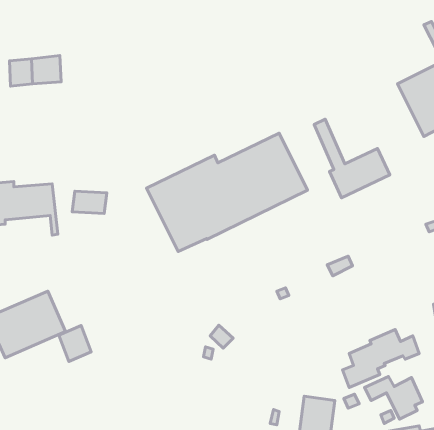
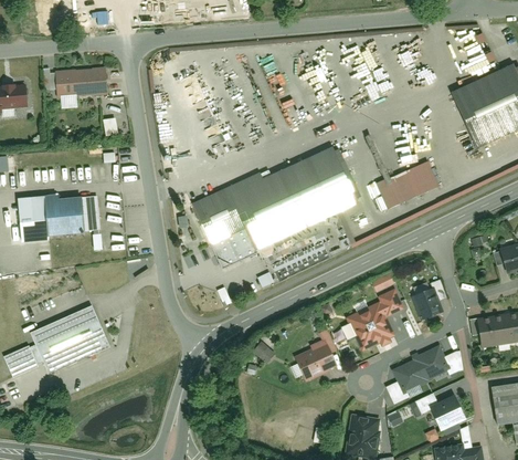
building: [72,191,107,214] -> none
building: none -> [414,276,450,317]
building: none -> [350,285,408,347]
building: none -> [290,326,339,377]
building: [59,326,91,361] -> none

